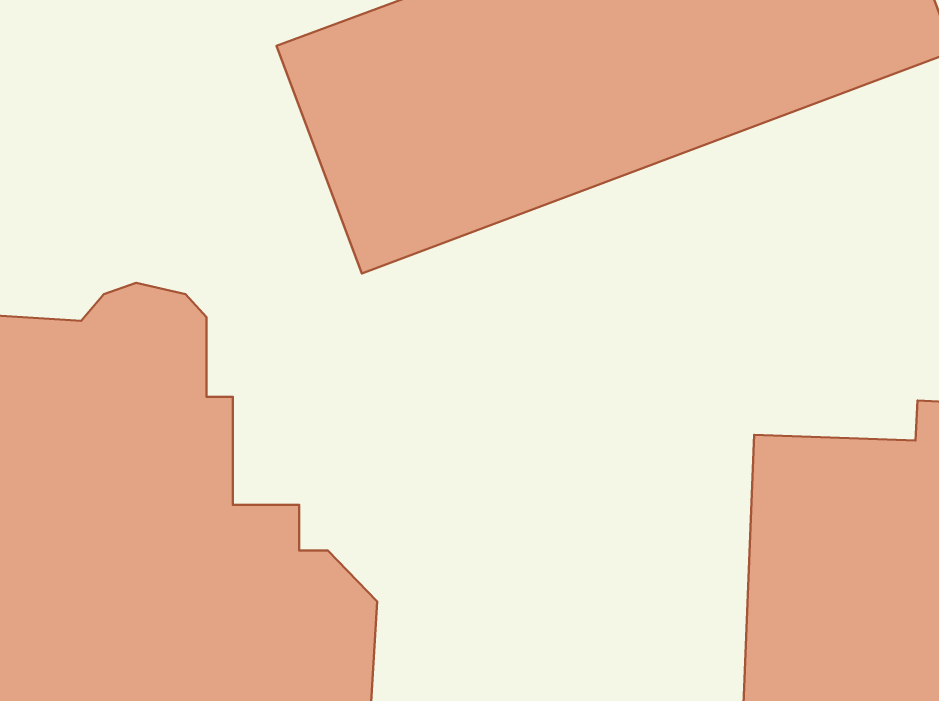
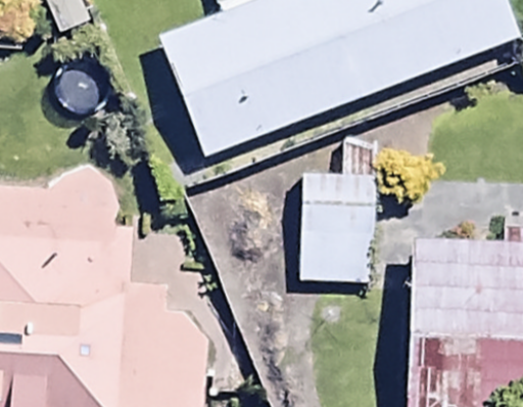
building: none -> [298,135,375,281]

